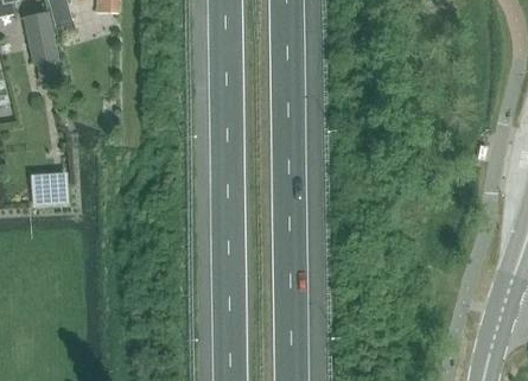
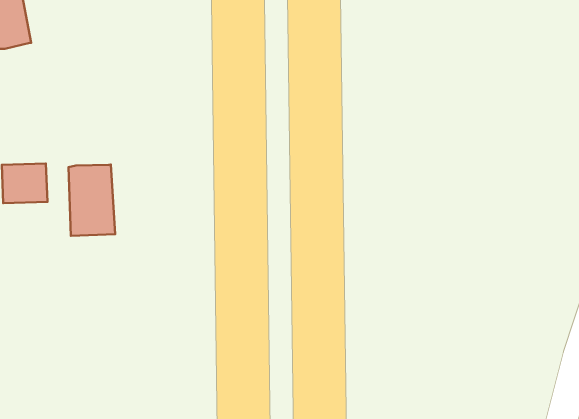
building: none -> [69,164,115,236]

